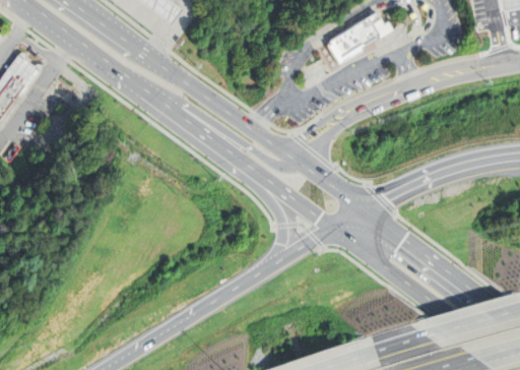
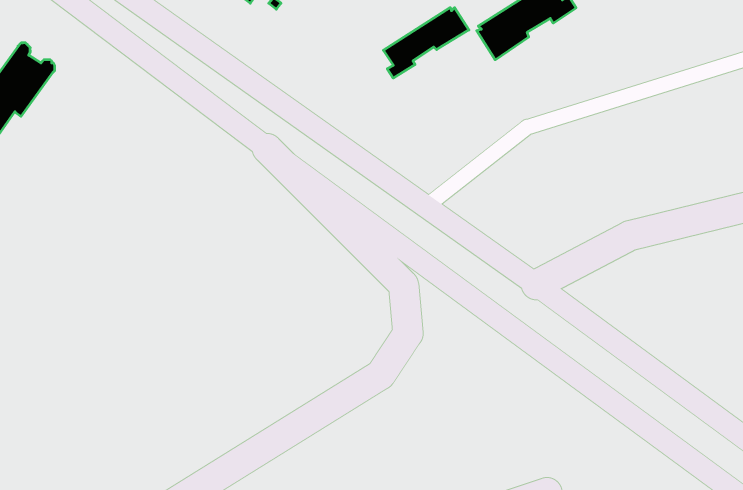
building: none -> [383,8,469,78]

